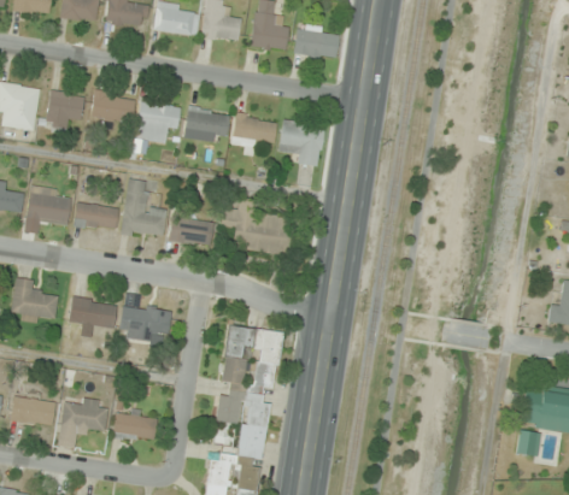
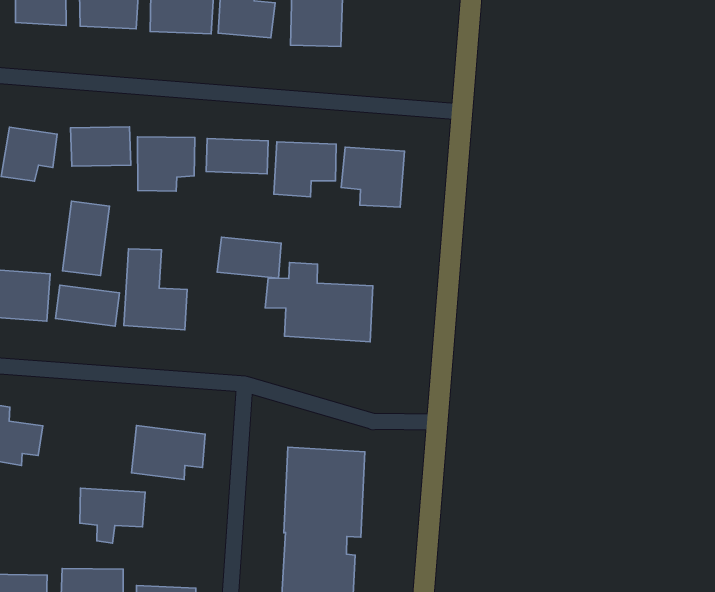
building: [294,24,340,60] -> none
building: none -> [63,201,110,276]
building: [168,216,213,247] -> [217,237,281,278]
building: [70,296,117,336] -> [80,488,145,543]

